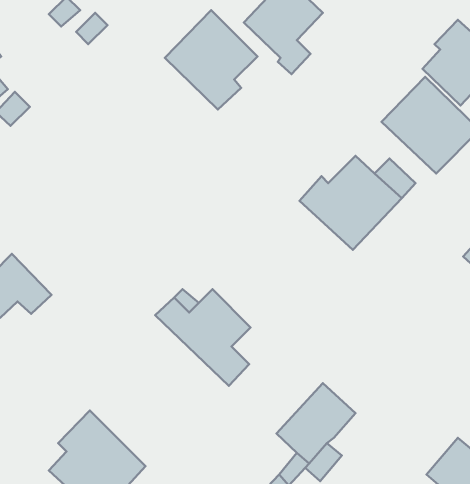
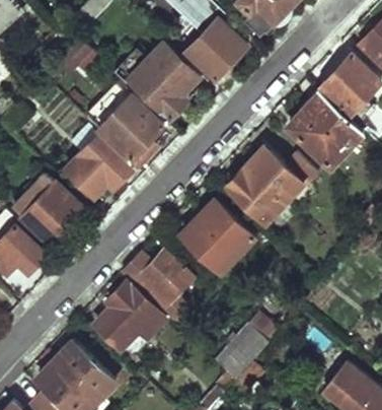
building: none -> [100,94,162,158]
building: none -> [65,136,130,196]
building: none -> [14,175,83,244]
building: none -> [181,204,255,273]
building: none -> [94,284,164,350]

